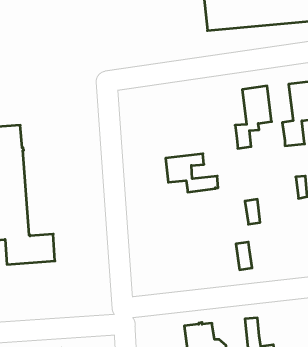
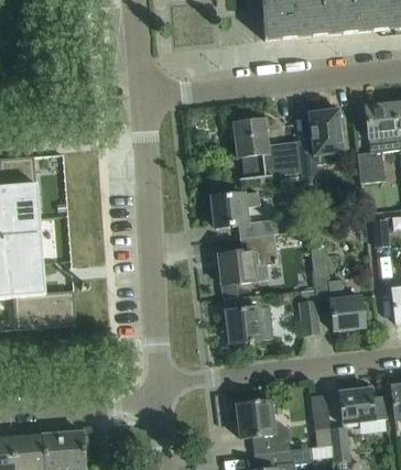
building: none -> [232,119,301,179]
building: none -> [219,234,278,285]
building: none -> [328,280,365,330]
building: none -> [226,305,273,343]
building: none -> [339,387,375,424]

